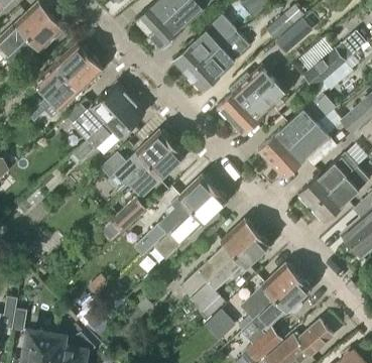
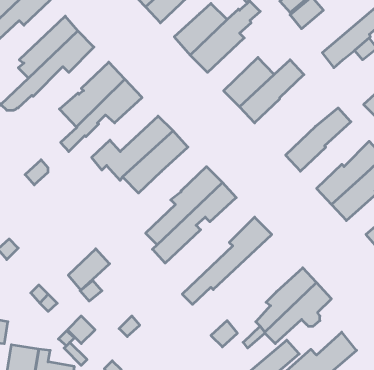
building: [258,109,318,164] -> none
building: [111,196,147,232] -> [68,249,110,290]
building: [191,234,270,317] -> none

